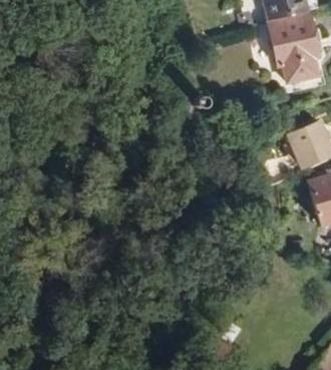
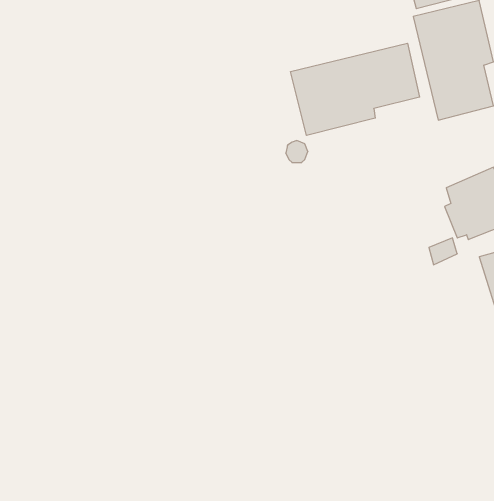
building: none -> [291,43,420,135]

